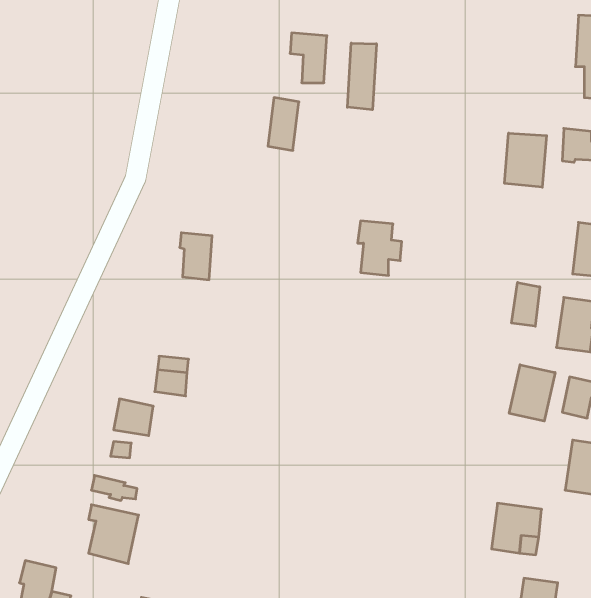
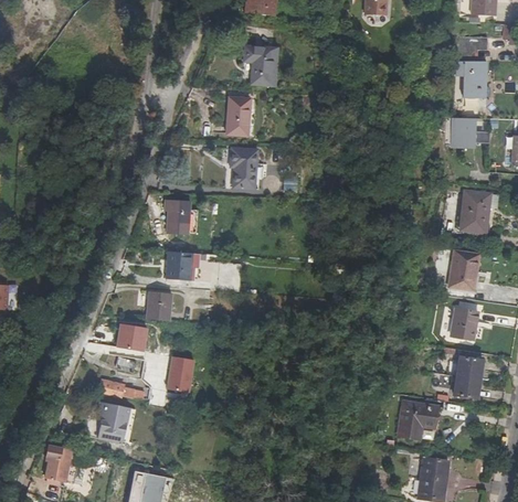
building: [347,43,376,110] -> none
building: [505,133,547,187] -> none
building: [358,221,402,275] -> [233,148,266,189]
building: [512,282,540,326] -> none
building: none -> [166,249,200,279]
building: [509,365,555,421] -> none
building: none -> [165,355,191,392]

